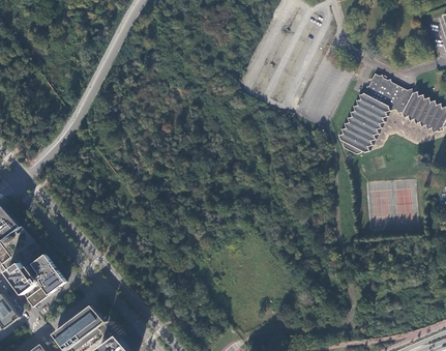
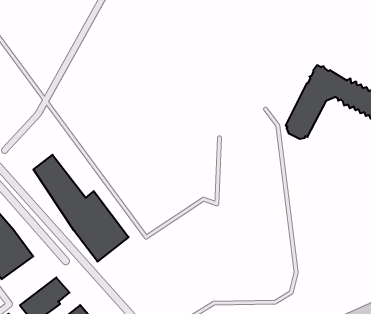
building: none -> [33,155,129,262]

